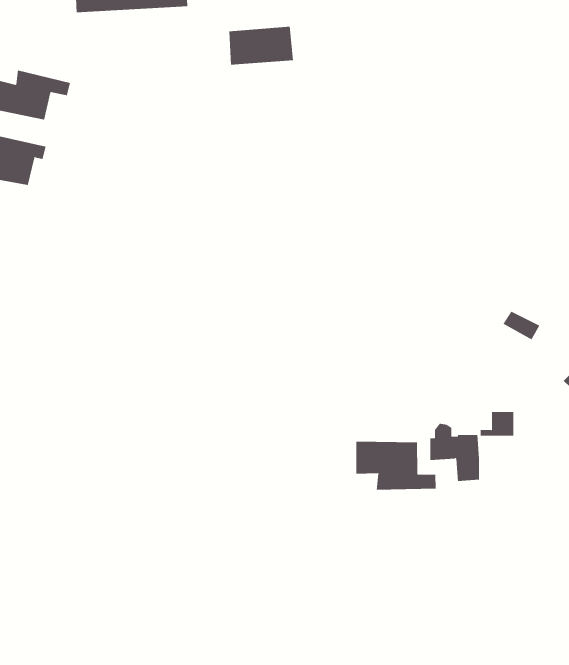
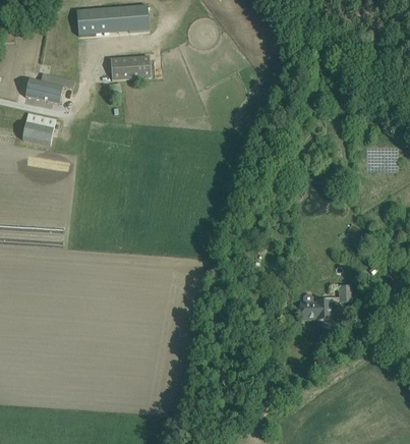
building: [229,26,294,65] -> [110,55,151,79]
building: [356,441,436,490] -> none

